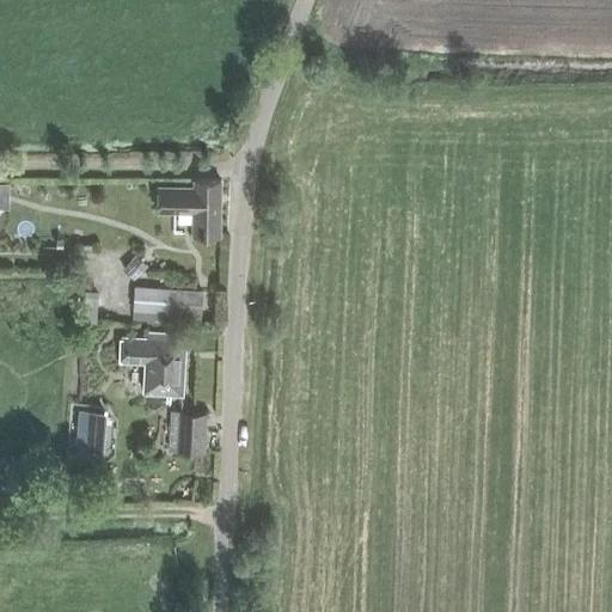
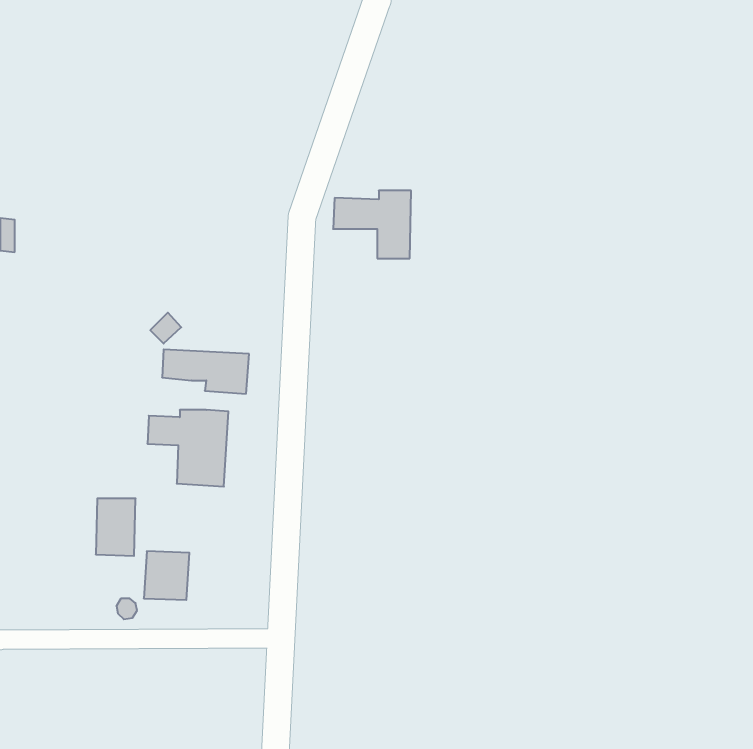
building: [157,183,220,238] -> [333,191,411,258]
building: [169,415,206,454] -> [144,551,189,600]

